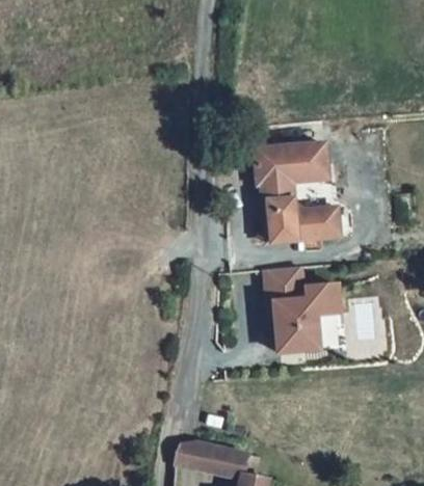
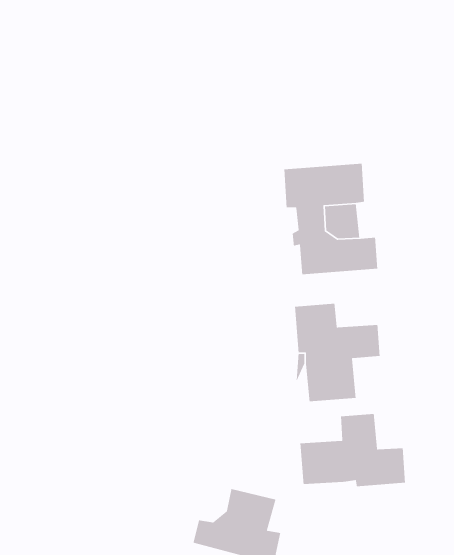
building: none -> [299,413,406,487]

